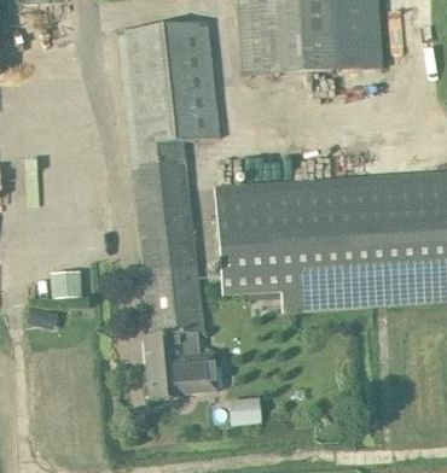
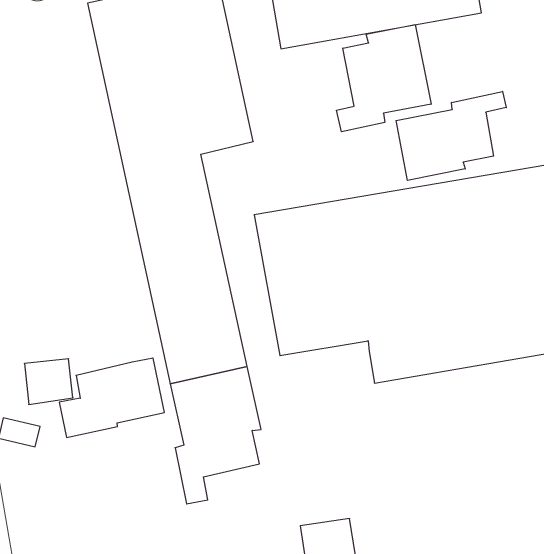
building: none -> [337,25,431,132]
building: none -> [396,91,506,180]
building: [149,354,219,401] -> [59,358,164,437]

